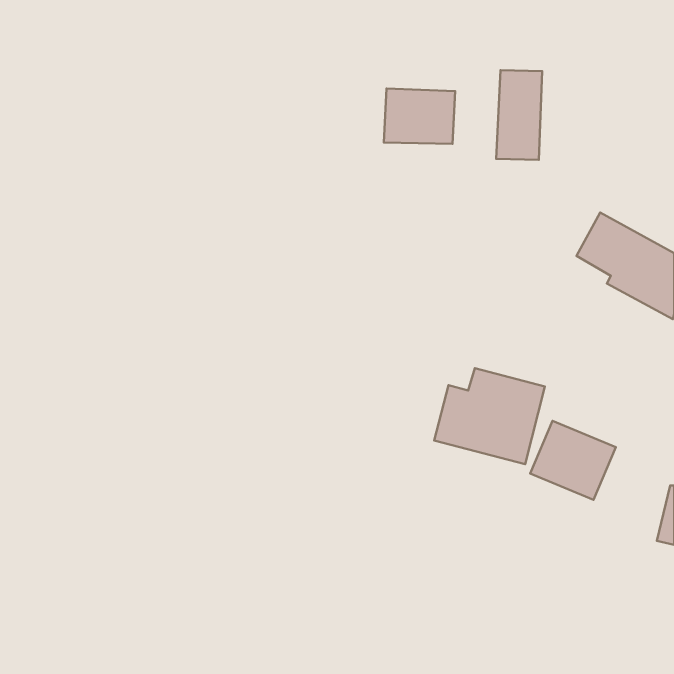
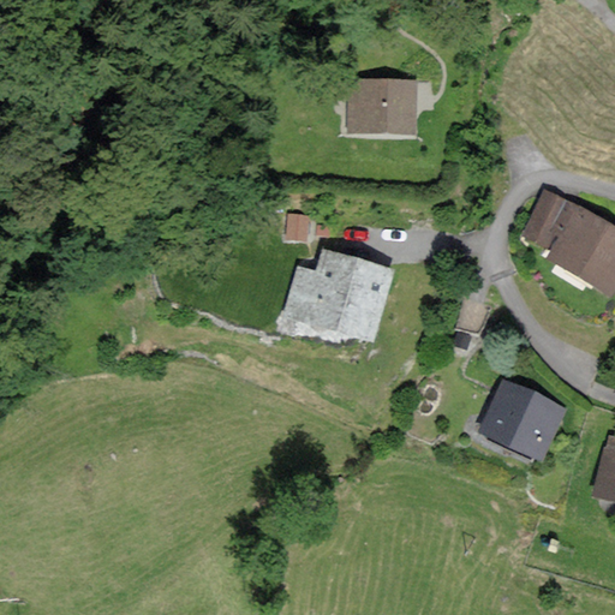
building: [496,70,542,160] -> none
building: [434,368,545,464] -> [288,252,389,340]

